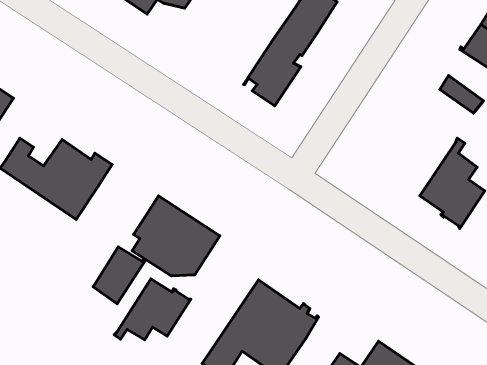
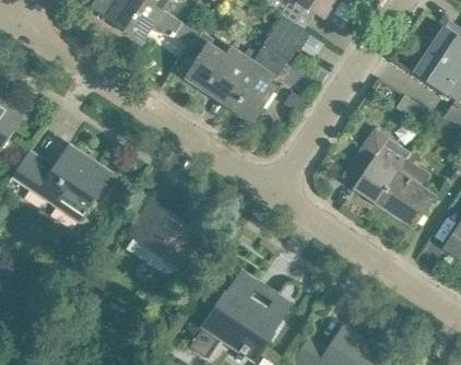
building: none -> [186,37,251,103]
building: none -> [342,129,410,200]
building: [93,247,145,304] -> none
building: [114,279,191,340] -> none

